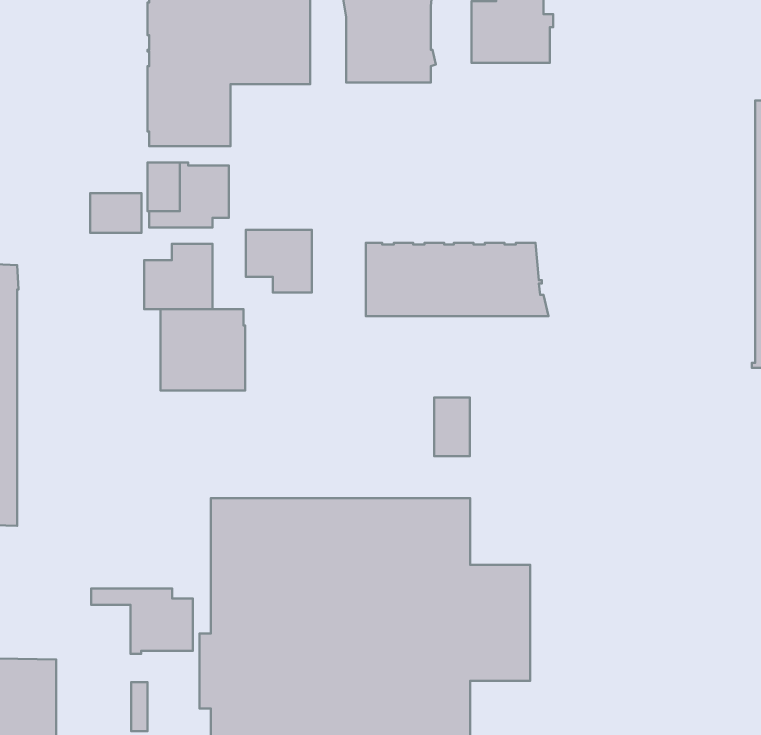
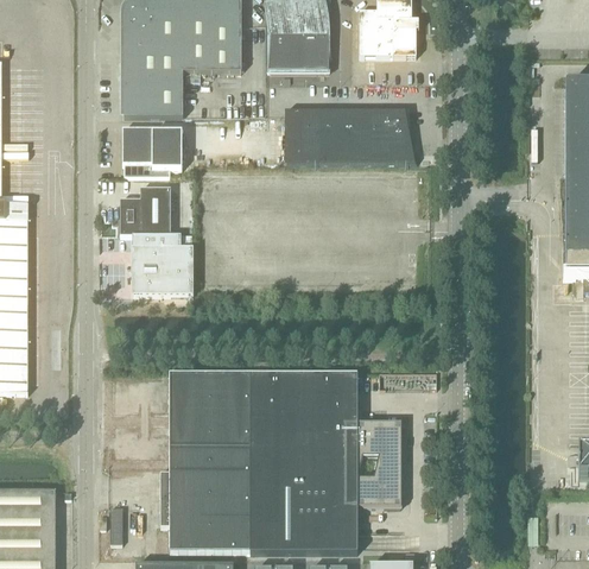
building: [90,193,142,233] -> none
building: [246,230,312,293] -> none
building: [366,243,548,316] -> [285,108,418,162]
building: [434,398,470,456] -> none
building: [91,589,193,654] -> none

